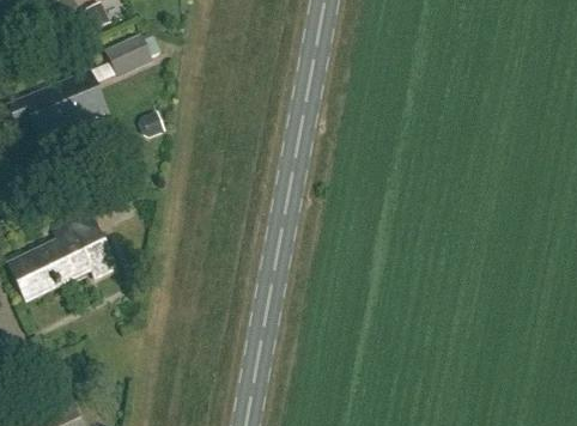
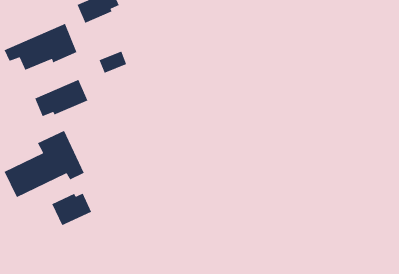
building: none -> [34,79,89,117]
building: none -> [51,193,92,226]

